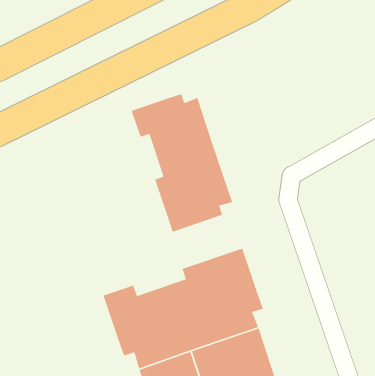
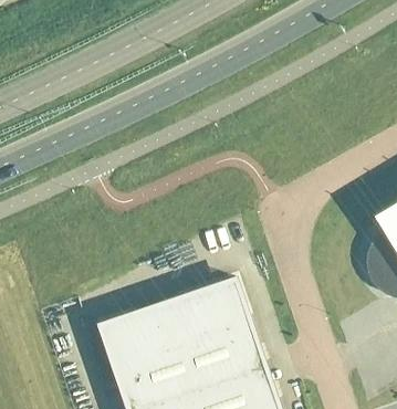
building: [131,93,233,233] -> none

